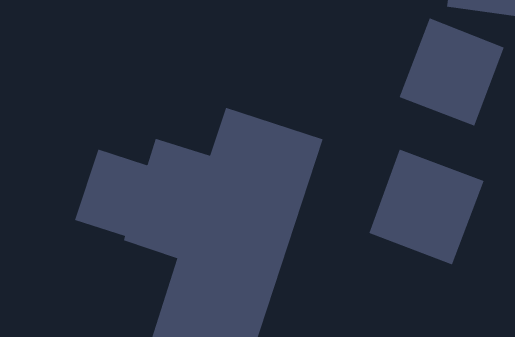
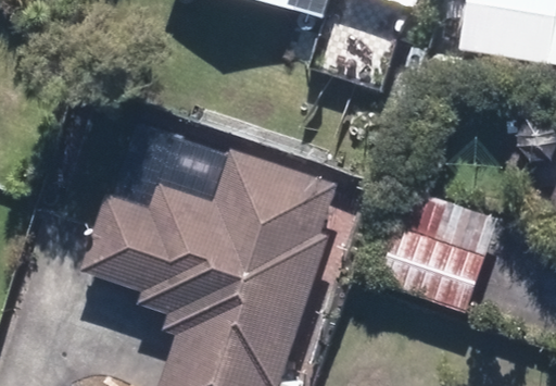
building: [399,18,505,126] -> none

